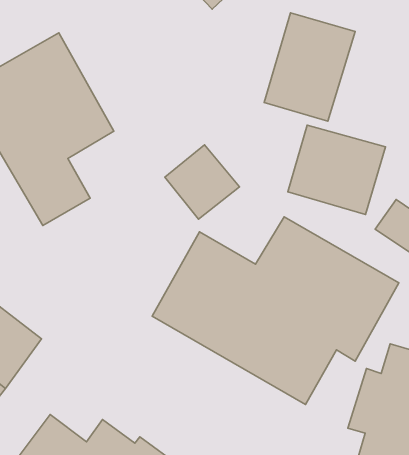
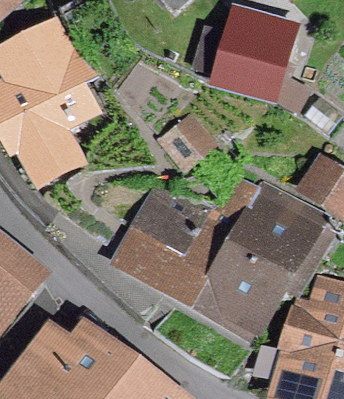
building: [288,125,385,214] -> none

